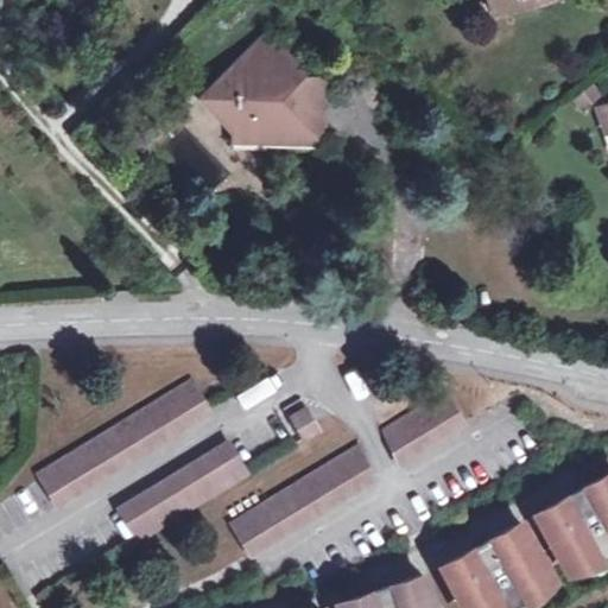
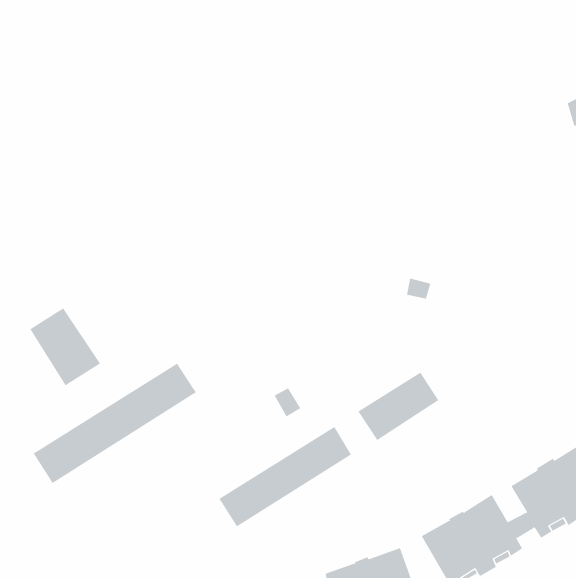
building: [203,36,318,142] -> none
building: none -> [30,307,101,386]
building: [118,442,246,540] -> none

